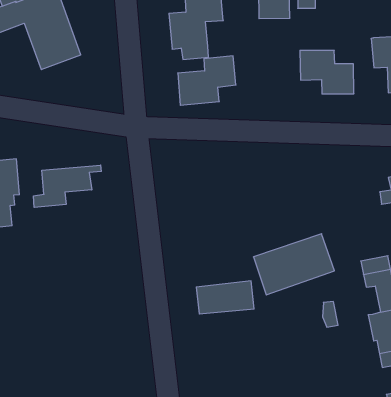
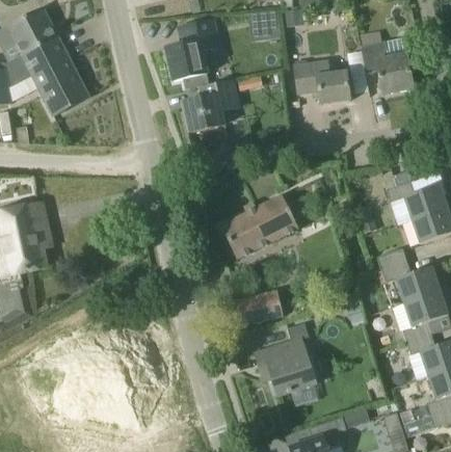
building: [34,165,101,207] -> none
building: [253,234,334,295] -> [220,194,298,259]
building: none -> [254,337,315,396]

